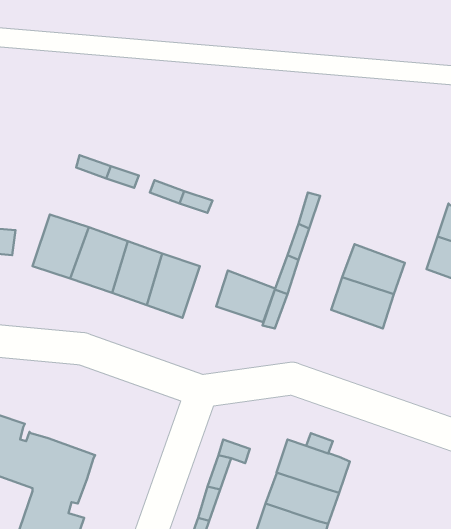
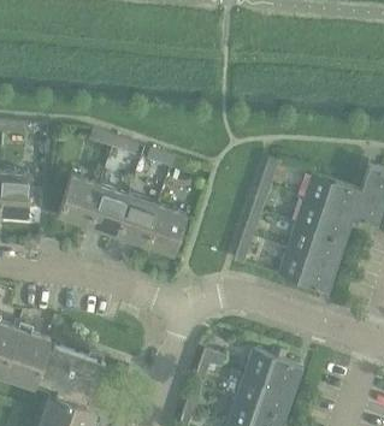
building: none -> [303,174,360,218]
building: [216,270,275,322] -> none
building: none -> [277,250,325,289]

